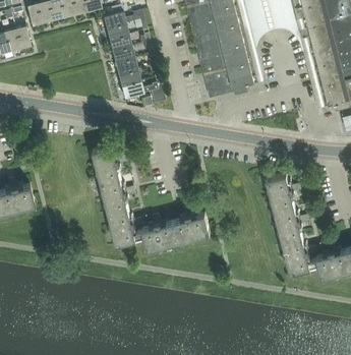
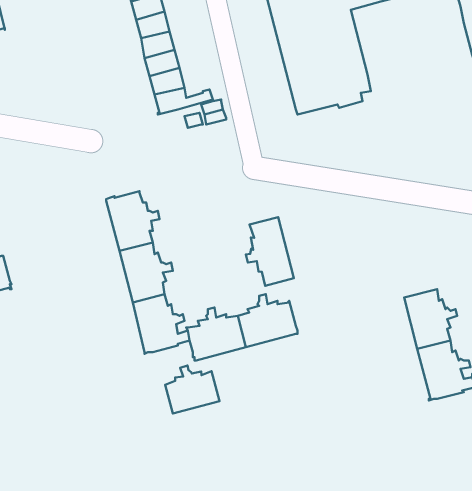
building: none -> [246,217,294,286]
building: [267,174,299,211] -> none
building: none -> [165,366,220,414]

